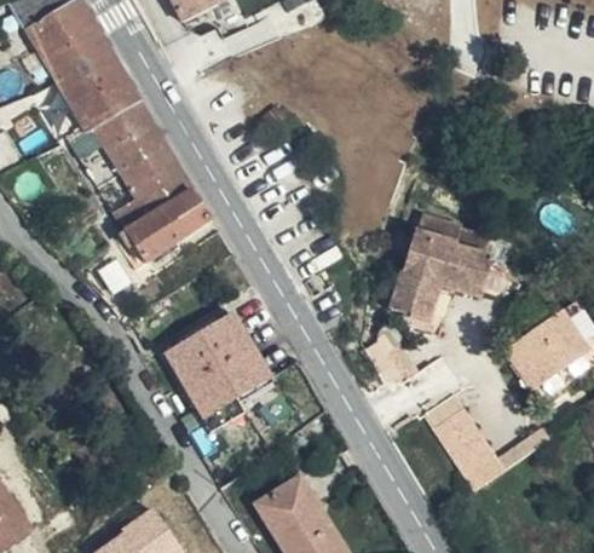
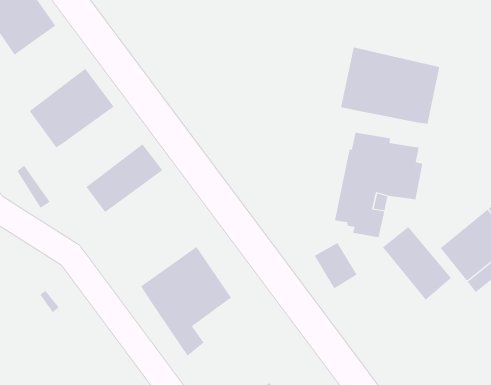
building: [59,58,137,149] -> none
building: none -> [340,47,440,125]
building: [94,154,190,238] -> none
building: [431,402,503,485] -> [382,226,452,301]

